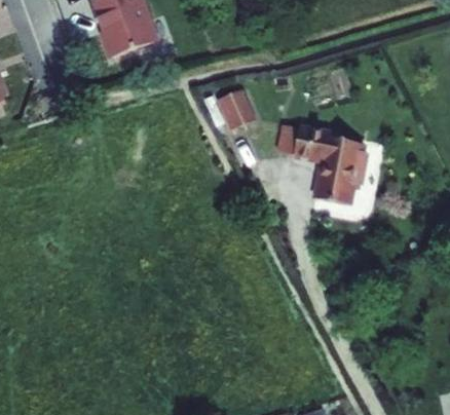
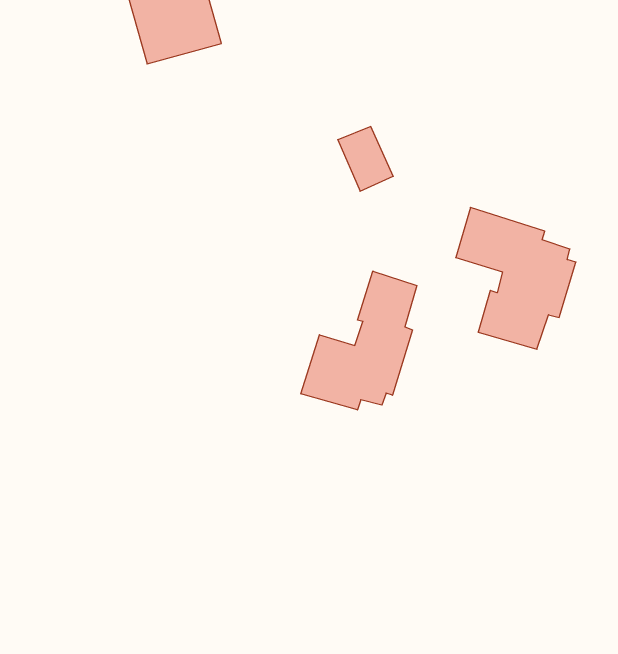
building: none -> [301,271,417,410]

